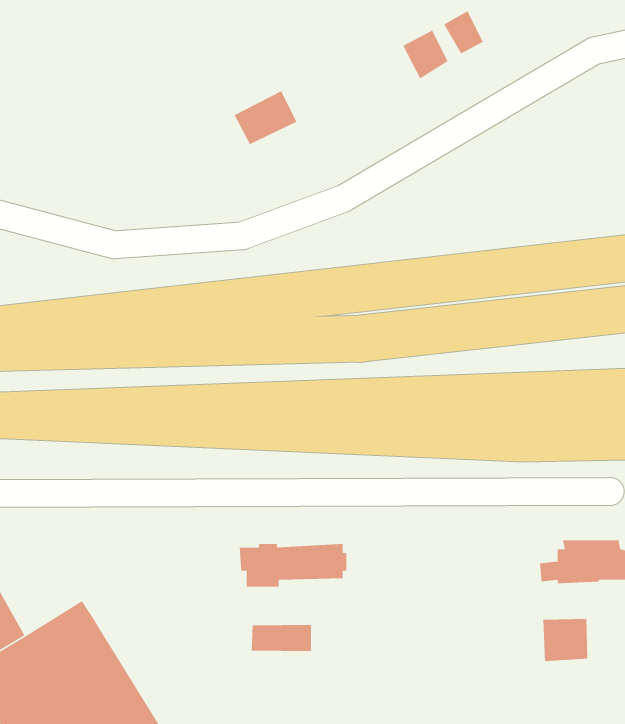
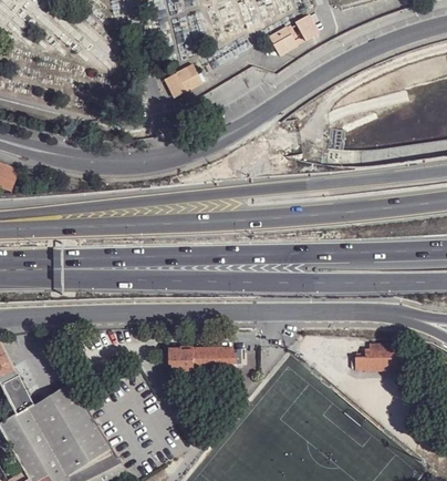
building: [542,618,588,662] -> none
building: [251,624,312,652] -> none

